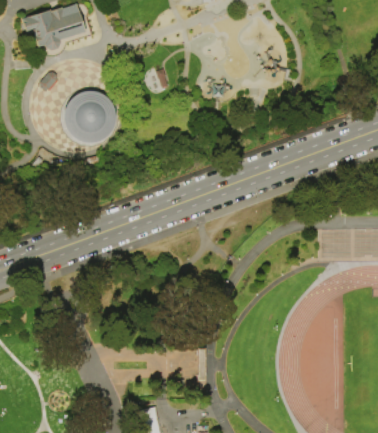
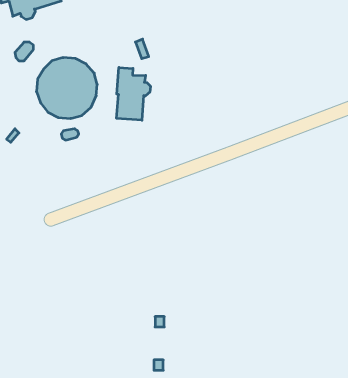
building: none -> [117,67,150,120]

